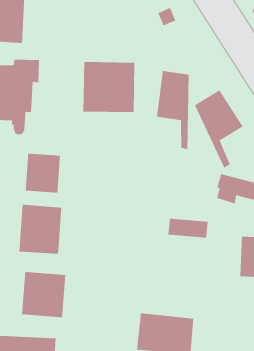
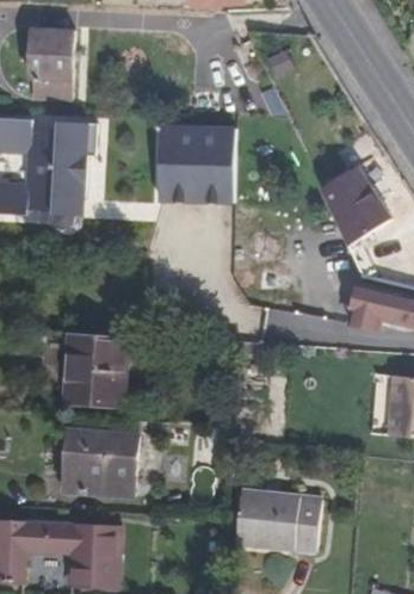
building: [156,70,189,150] -> none
building: [25,153,60,193] -> none
building: [167,218,208,238] -> [261,309,321,338]

